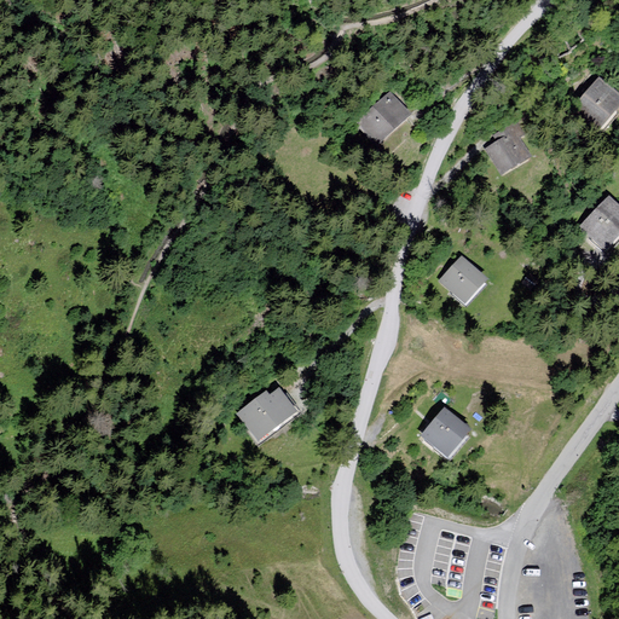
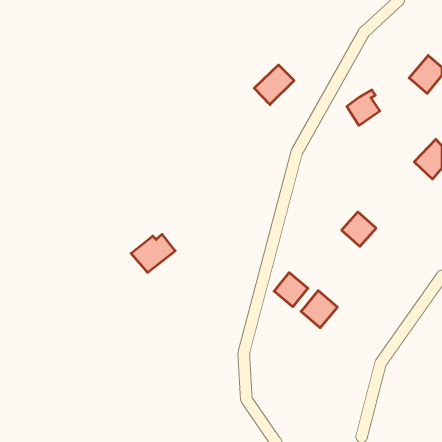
building: [439,255,487,303] -> [342,212,376,246]
building: none -> [274,273,308,307]
building: [236,387,297,440] -> [131,234,175,272]

